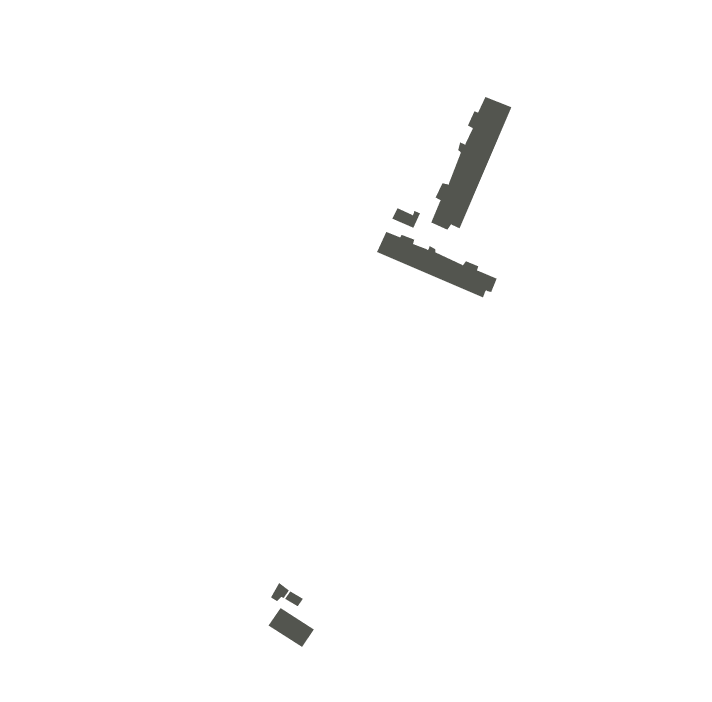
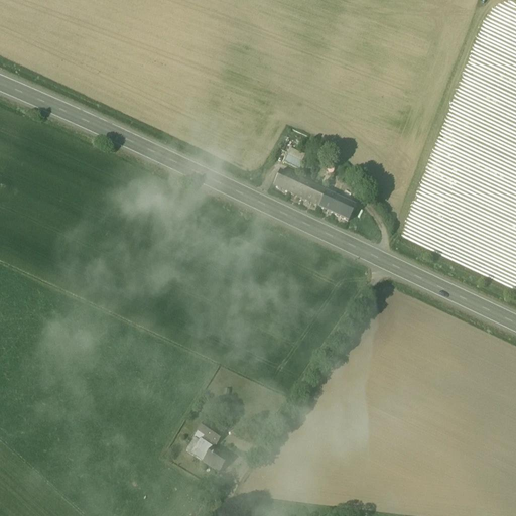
building: [430,96,512,231] -> none

